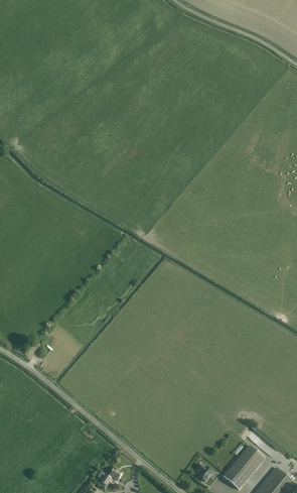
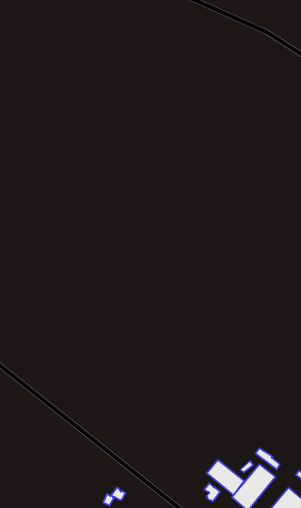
building: none -> [207,460,244,495]

